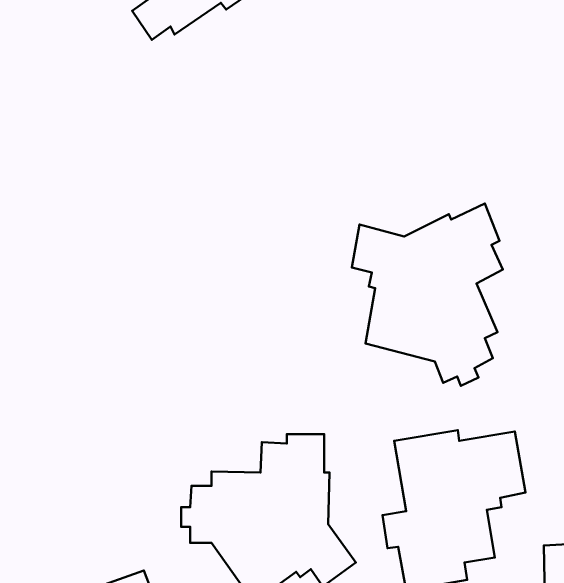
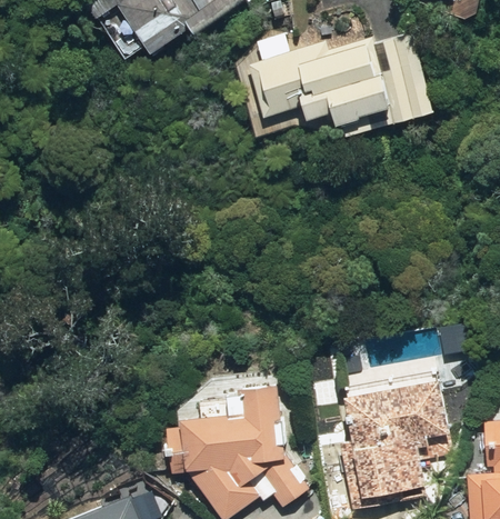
building: none -> [258,33,441,119]
building: [352,204,503,386] -> none

